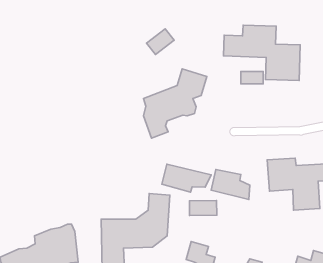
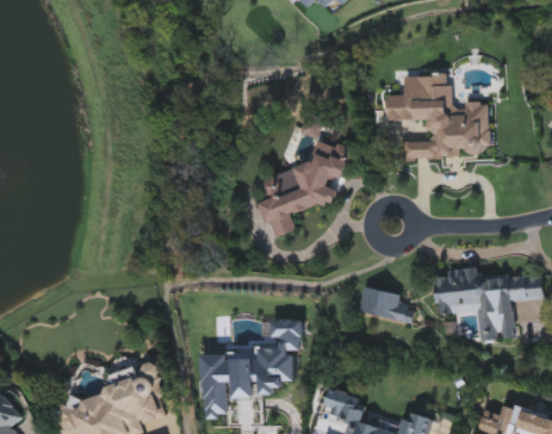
building: [147,29,174,55] -> none
building: [162,164,211,192] -> none
building: [189,200,217,216] -> none

